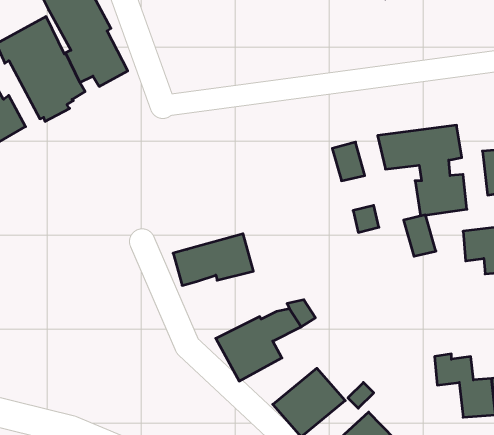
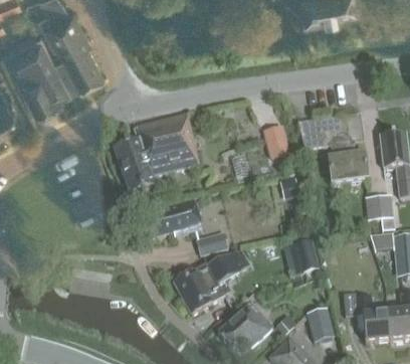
building: none -> [113,114,197,191]
building: [404,215,436,256] -> [293,238,319,270]
building: none -> [195,230,227,255]
building: none -> [304,307,333,341]

